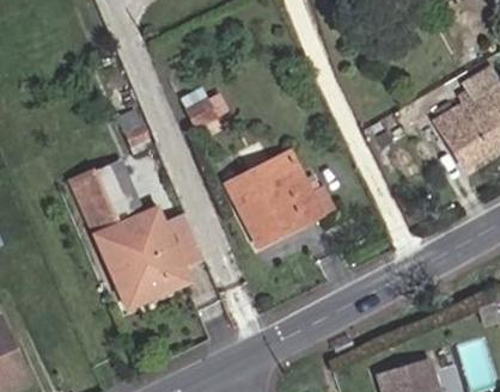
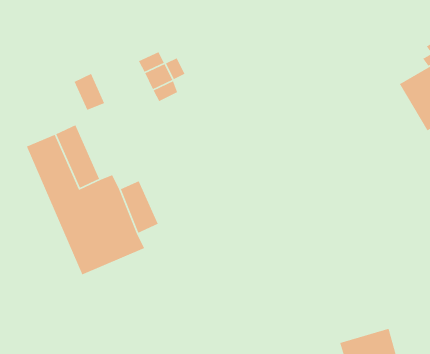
building: [226,153,321,245] -> none

